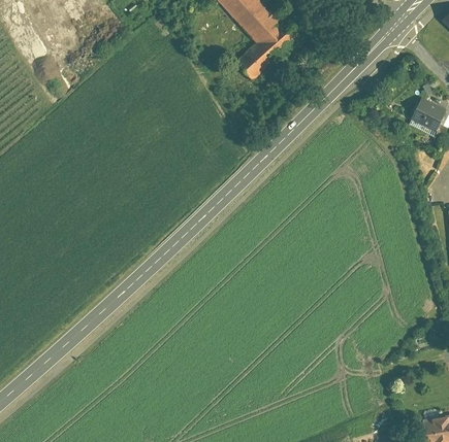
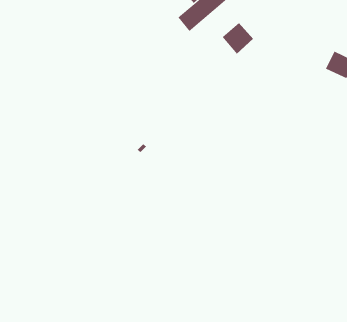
building: none -> [222,22,254,54]

